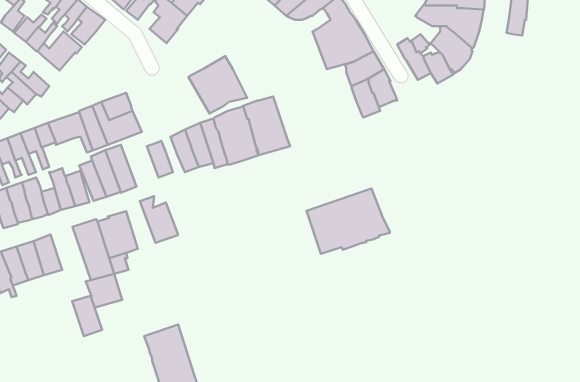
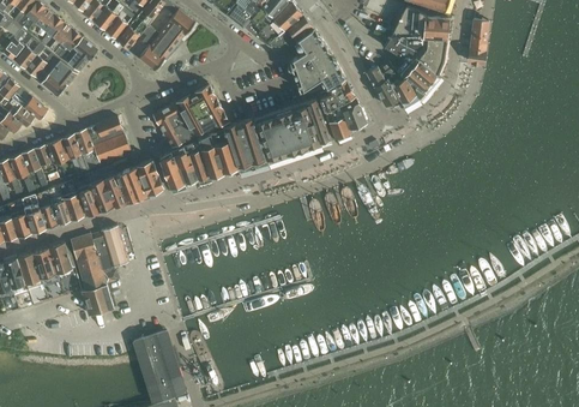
building: none -> [152,102,194,148]
building: [306,189,390,254] -> [253,100,330,160]
building: [140,196,178,243] -> [113,160,147,203]
building: [72,296,102,336] -> [48,243,76,280]

